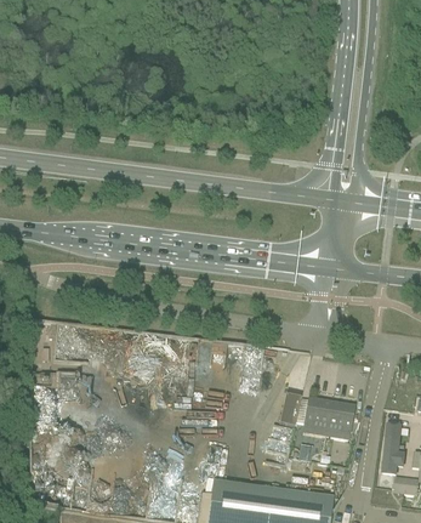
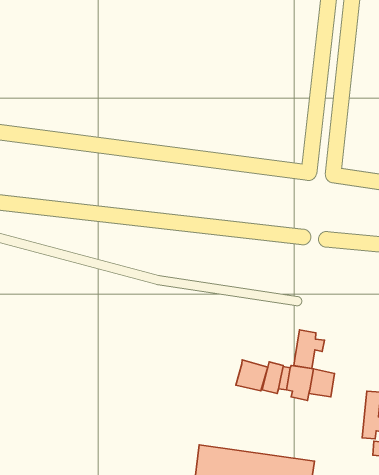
building: none -> [294,330,324,369]
building: none -> [236,360,268,391]

